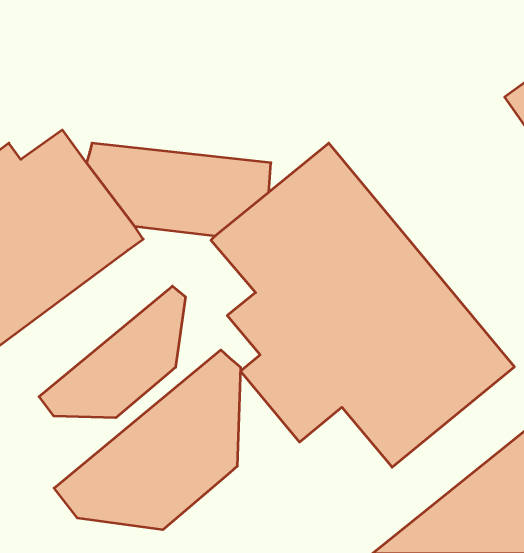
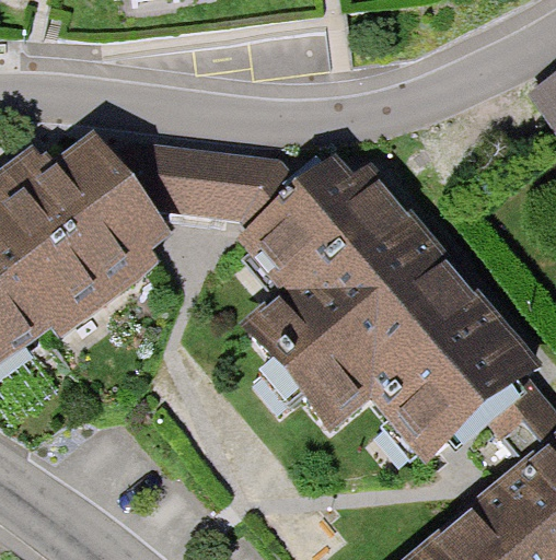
building: [39,286,185,418] -> none
building: [54,350,241,530] -> none

